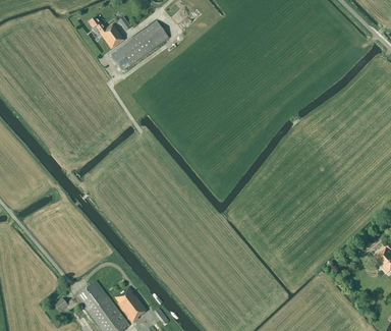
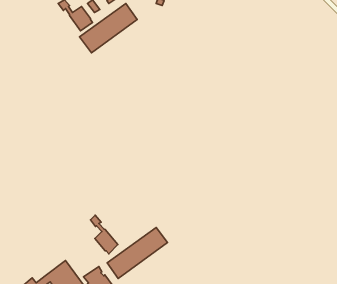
building: none -> [90,215,118,254]
building: none -> [107,228,168,278]

